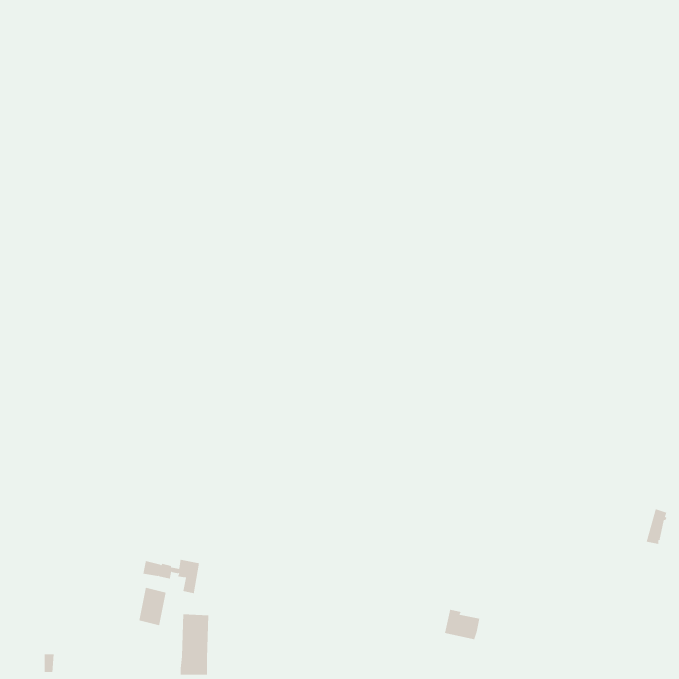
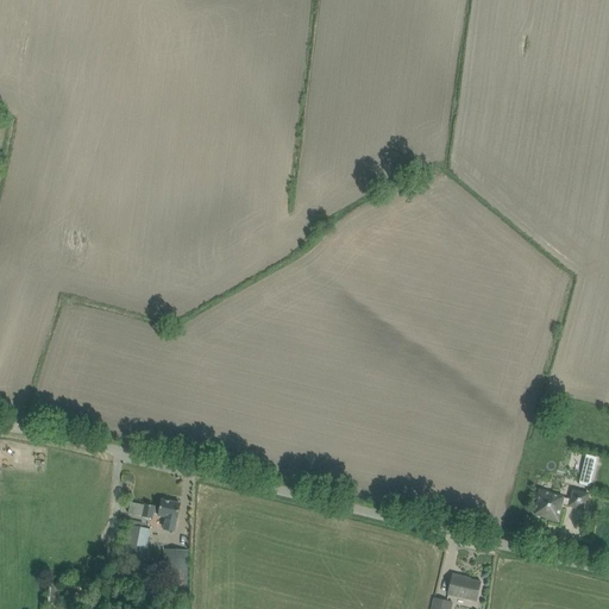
building: none -> [533,489,588,521]
building: [444,609,480,640] -> [447,573,479,601]

